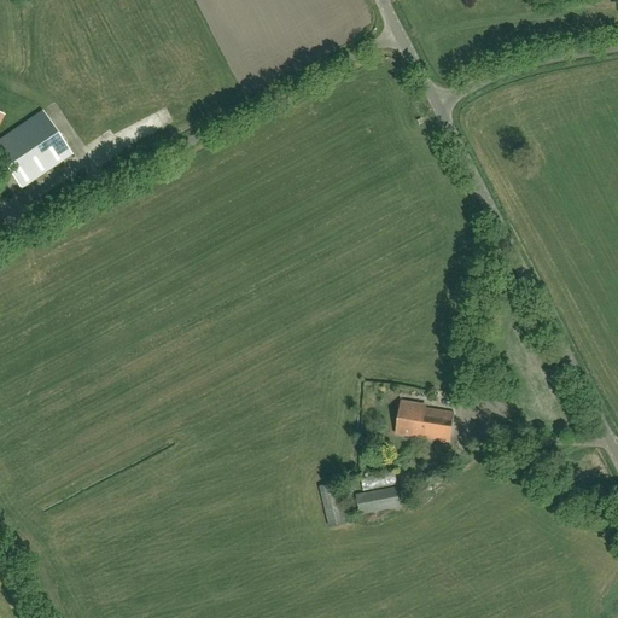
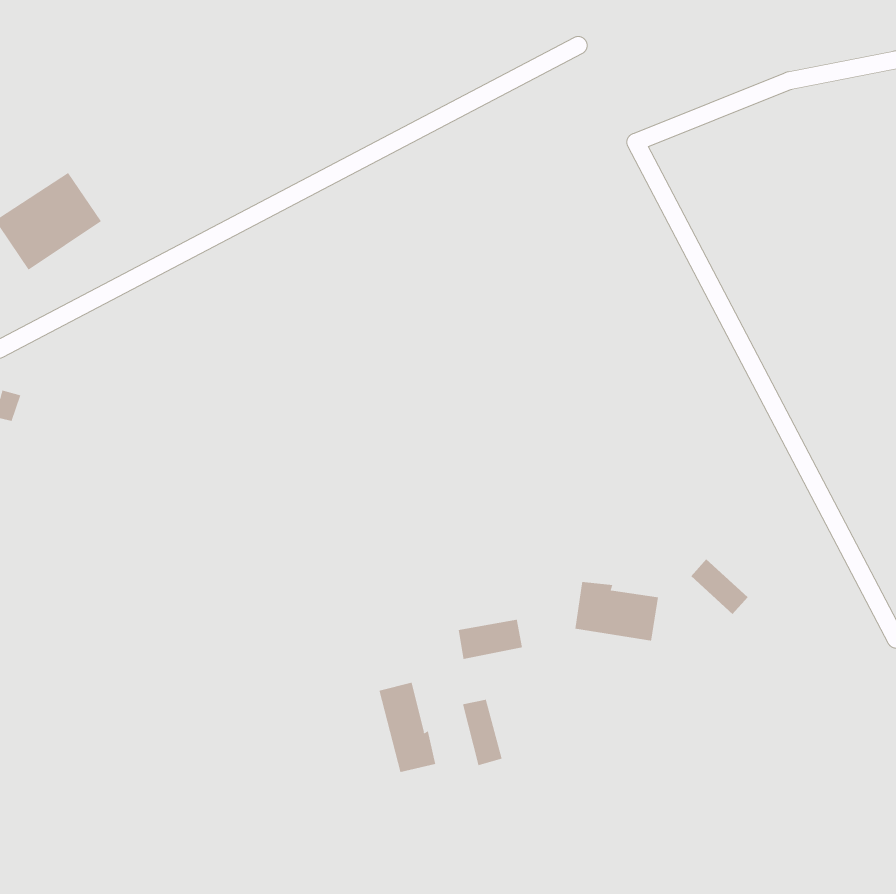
building: none -> [379,682,436,773]
building: [355,485,400,513] -> [458,619,523,660]

